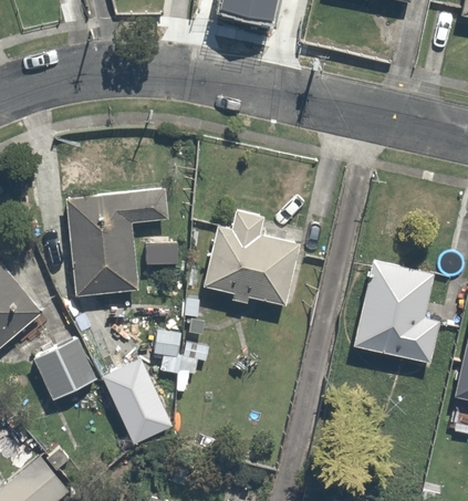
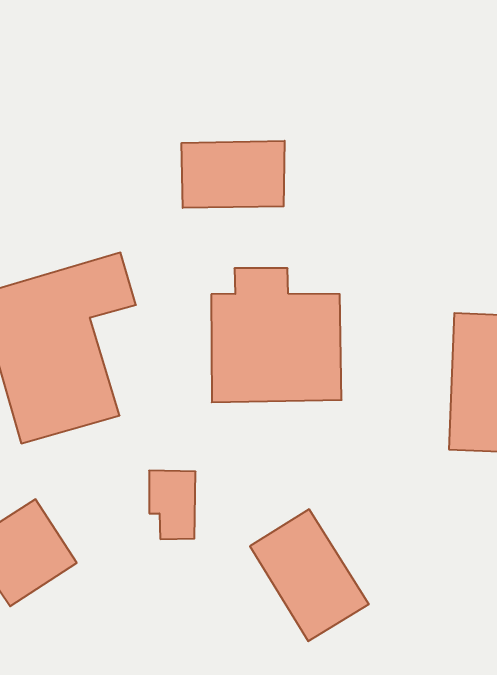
building: none -> [182,141,285,208]
building: [105,367,176,452] -> [250,509,369,641]

